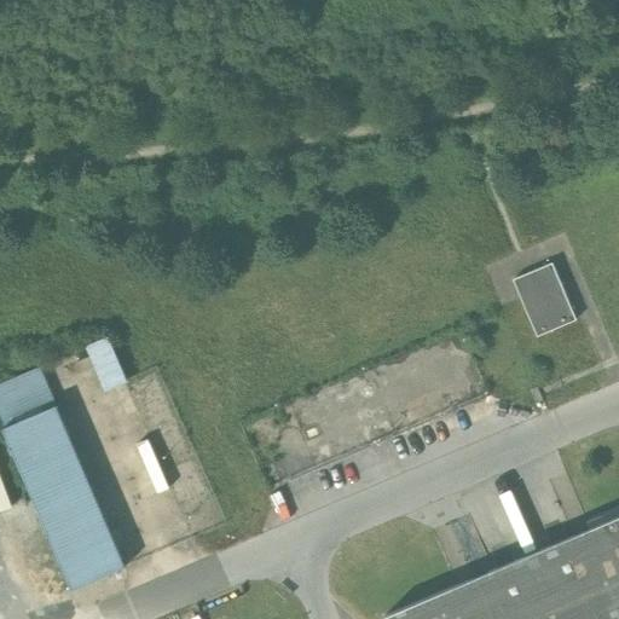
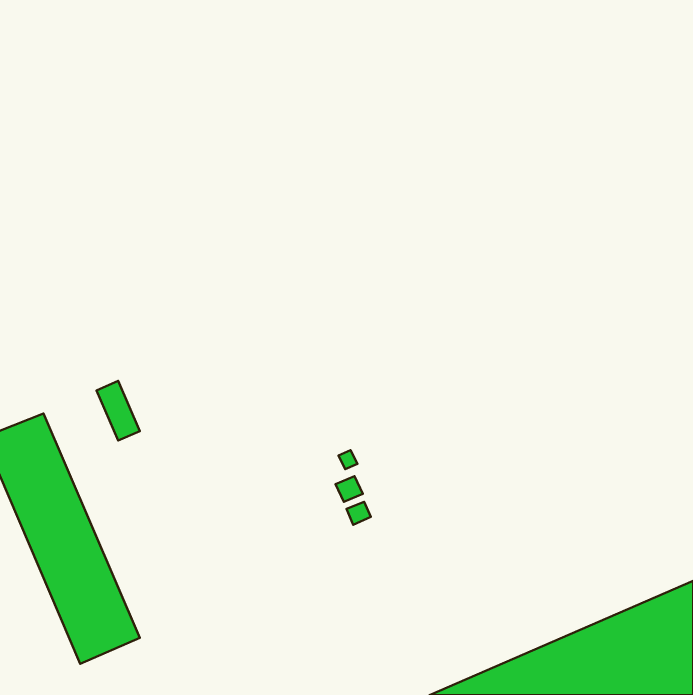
building: [511,264,575,337] -> none

